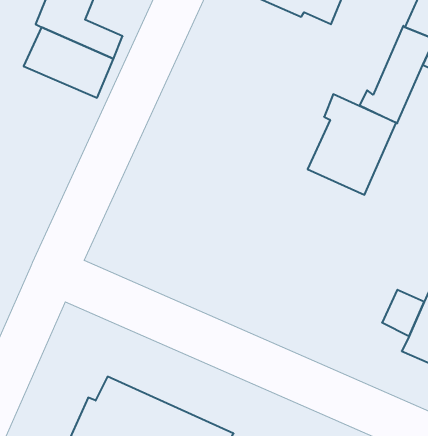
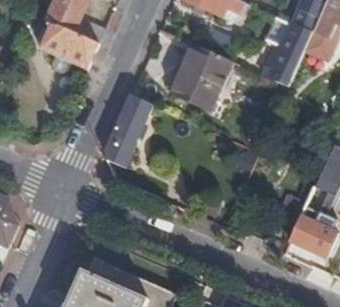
building: [308,94,396,195] -> [170,42,229,109]
building: none -> [103,94,151,164]

